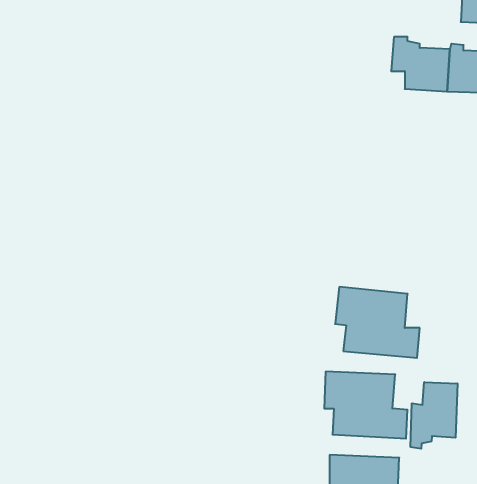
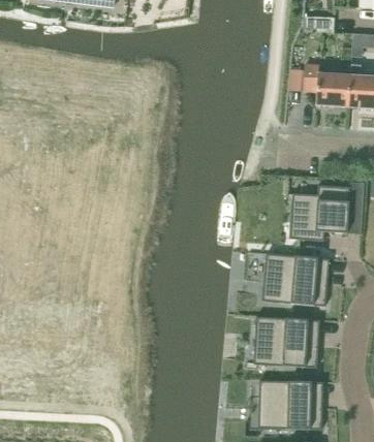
building: none -> [291,185,350,241]
building: [411,382,457,449] -> none

